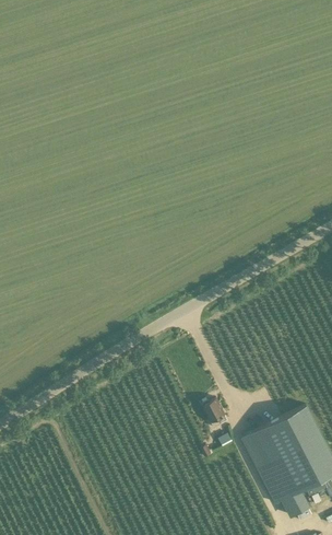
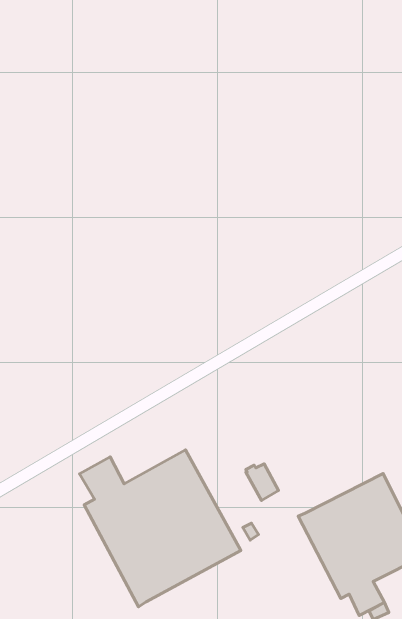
building: none -> [80,450,241,607]

